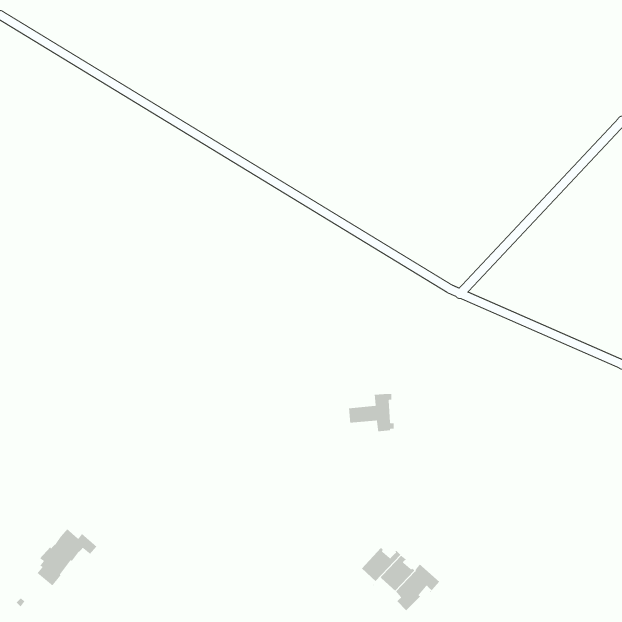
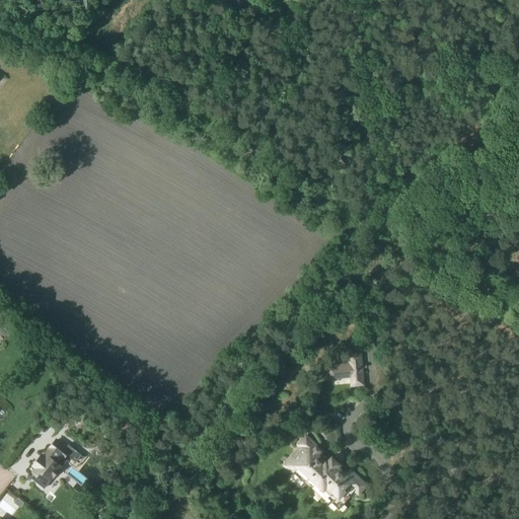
building: [348,393,394,432] -> [326,353,365,385]
building: none -> [284,435,321,472]

